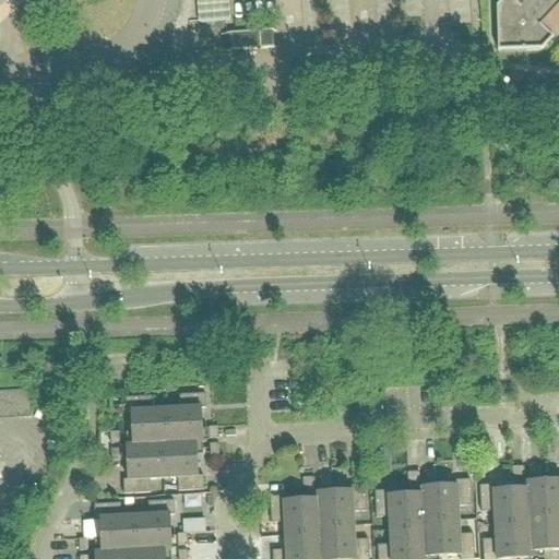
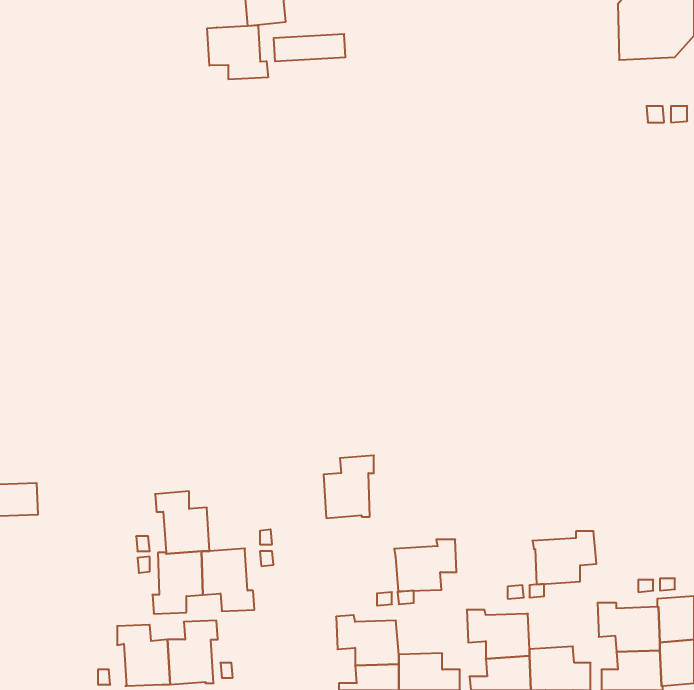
building: none -> [207,25,268,79]
building: [166,392,206,442] -> [324,455,374,518]
building: [421,478,473,521] -> [532,531,596,584]
building: [317,484,367,525] -> [394,539,457,591]

